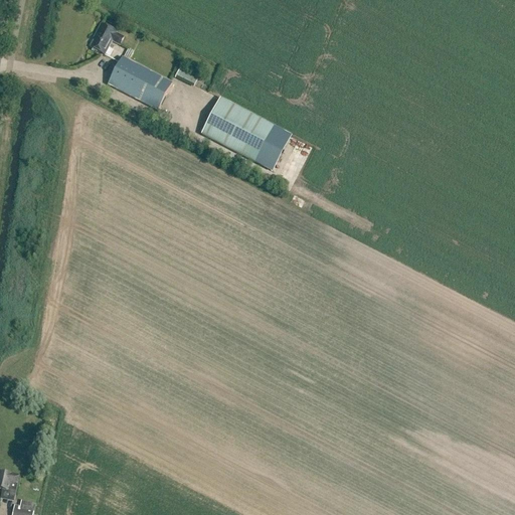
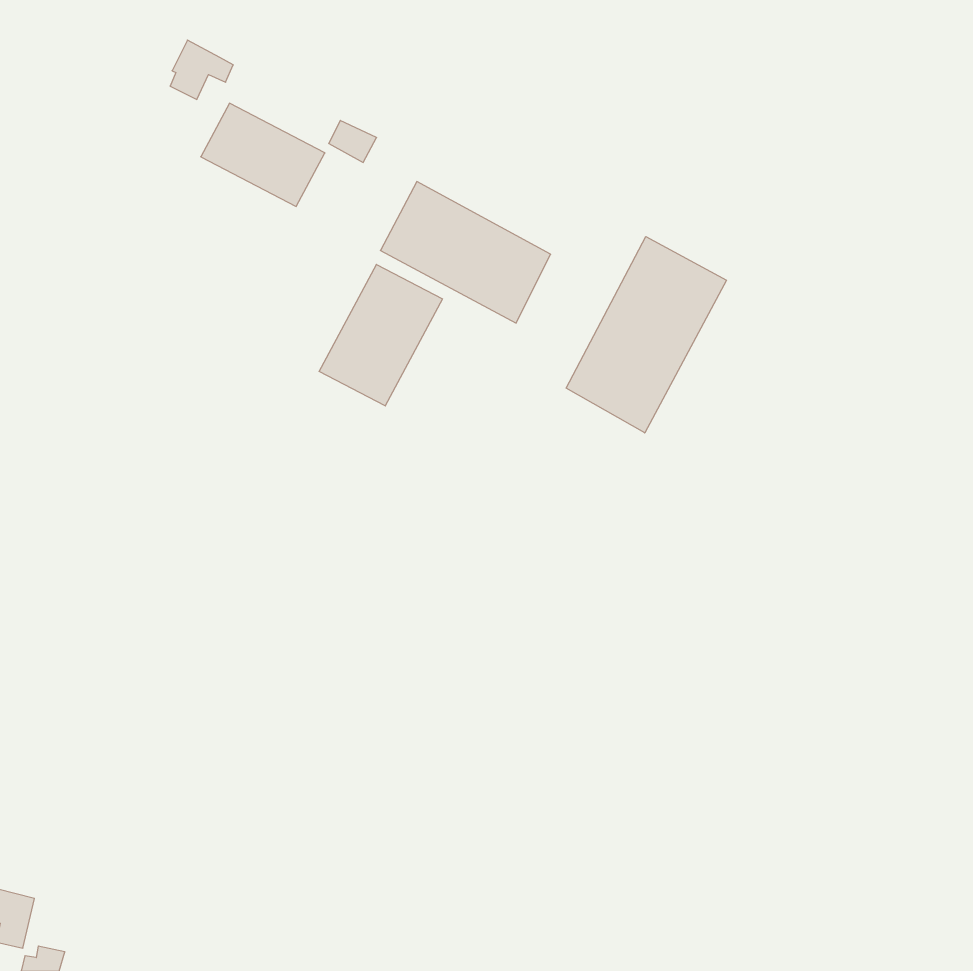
building: none -> [566,237,726,433]
building: none -> [319,264,442,406]

